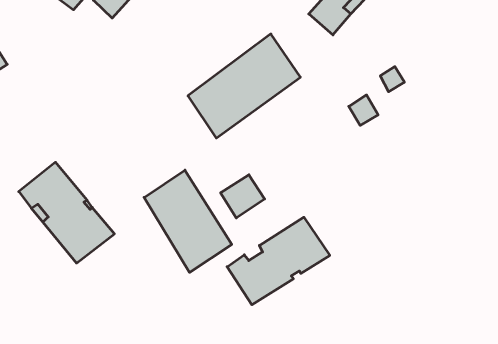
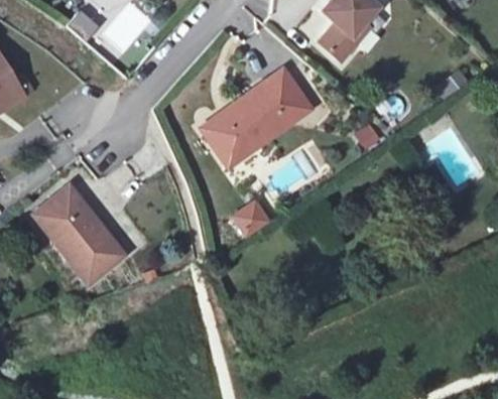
building: [144,170,232,272] -> none
building: [227,217,330,305] -> none

